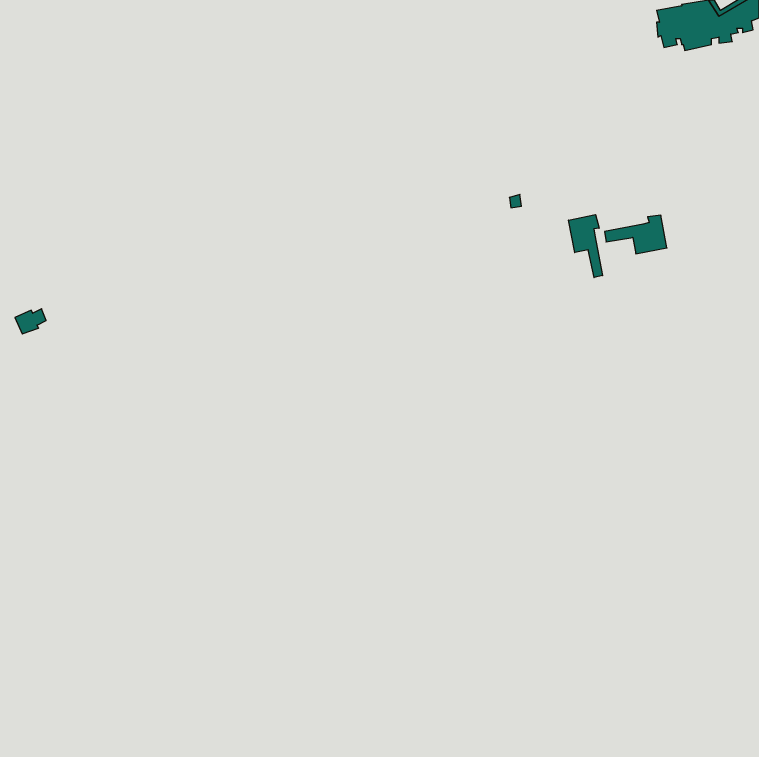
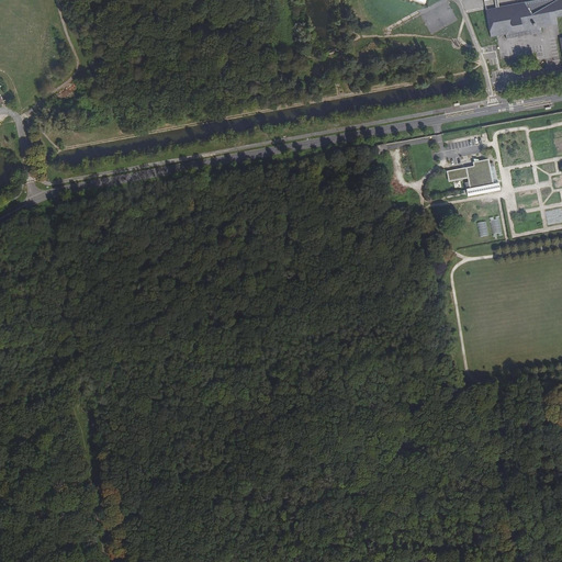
building: [569,215,603,278] -> none

